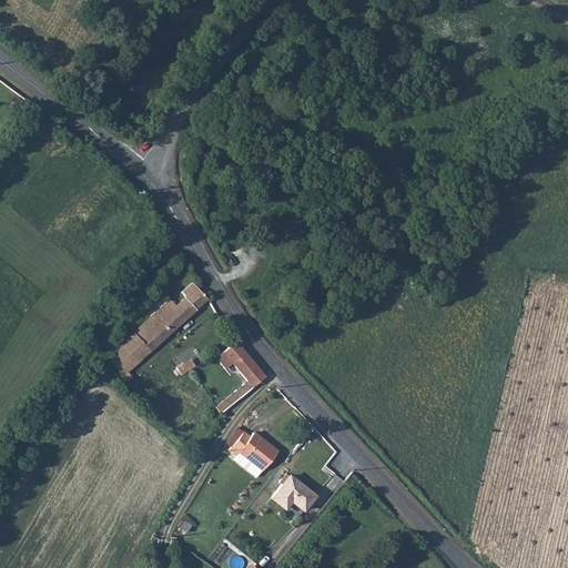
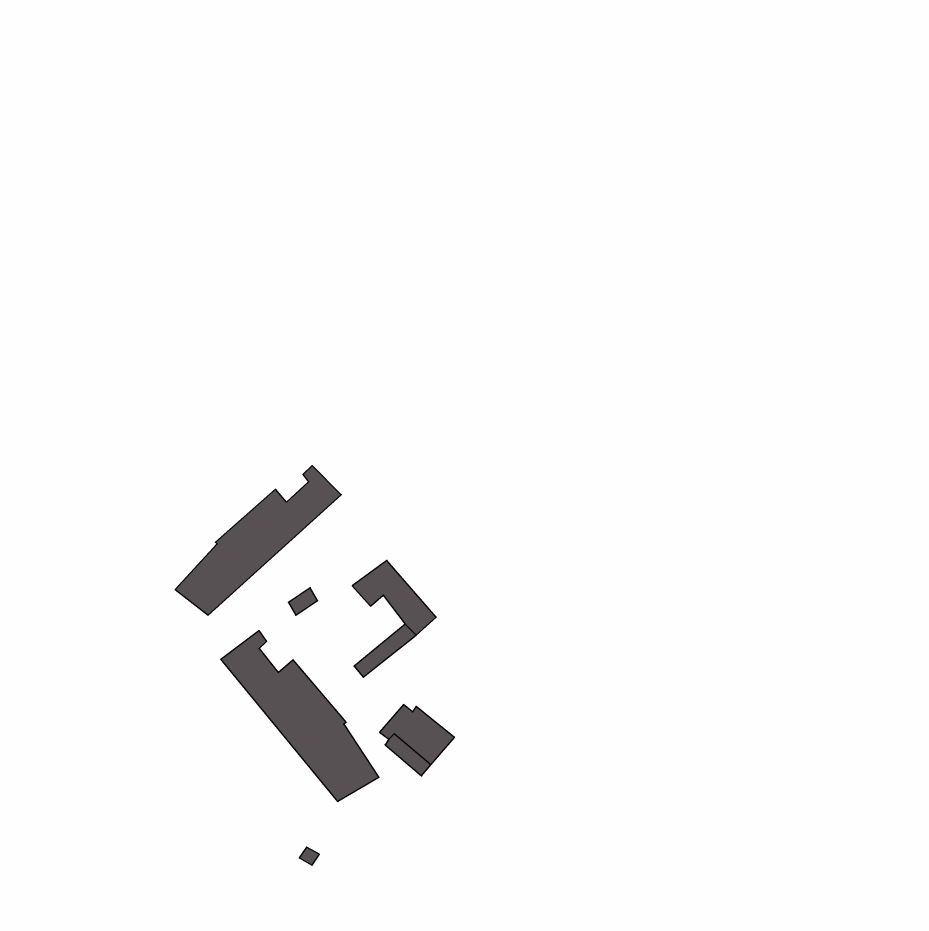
building: none -> [221,631,379,802]
building: [274,475,316,515] -> none

